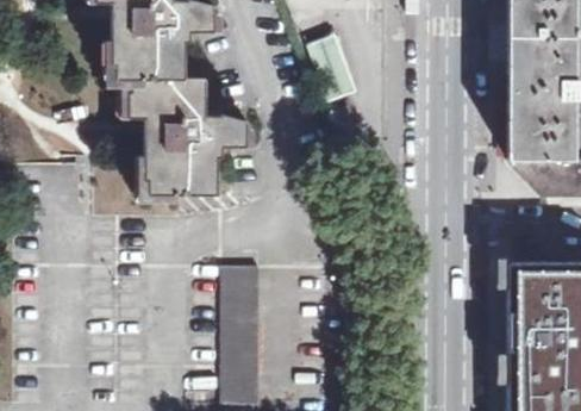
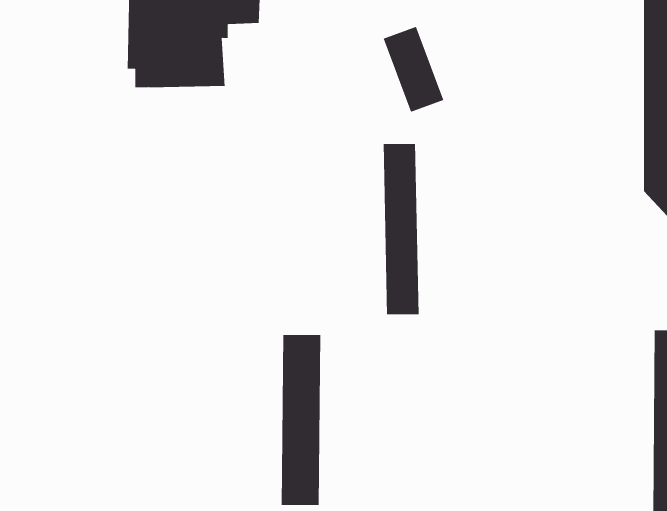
building: [126,80,246,197] -> none
building: none -> [383,143,419,315]

